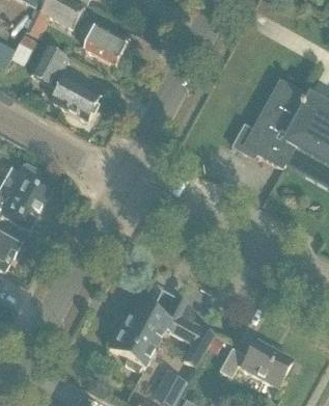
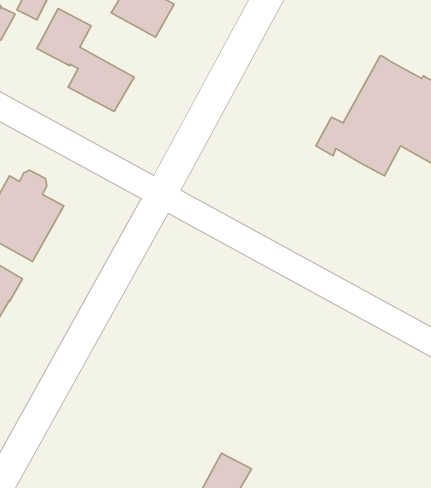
building: [109,295,214,369] -> none
building: [220,340,293,385] -> none

